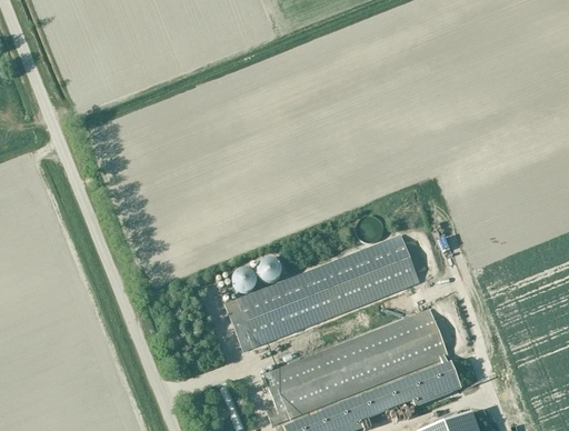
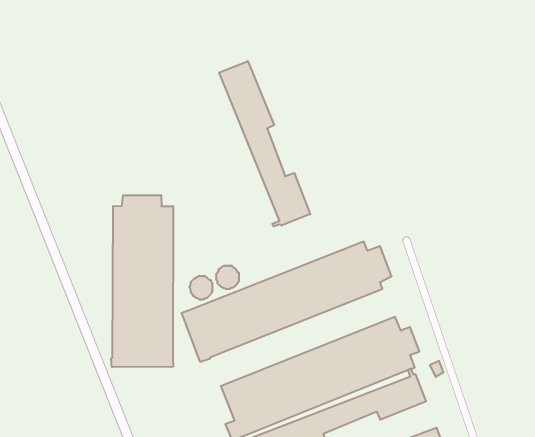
building: none -> [219,61,310,227]
building: none -> [111,195,173,367]

